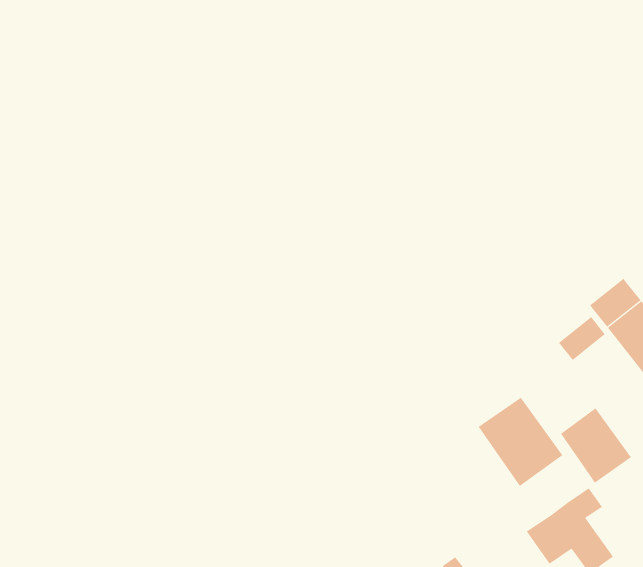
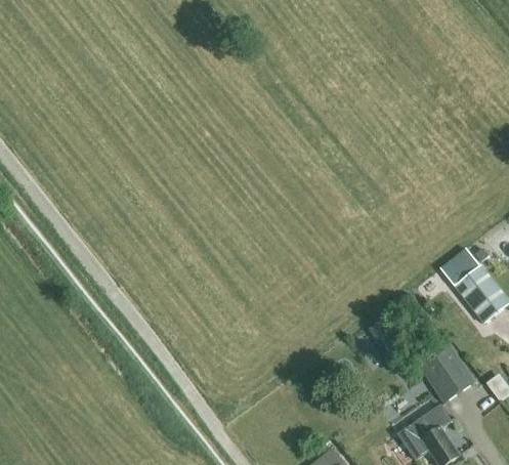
building: [558,316,606,361] -> none
building: [478,397,563,487] -> none

